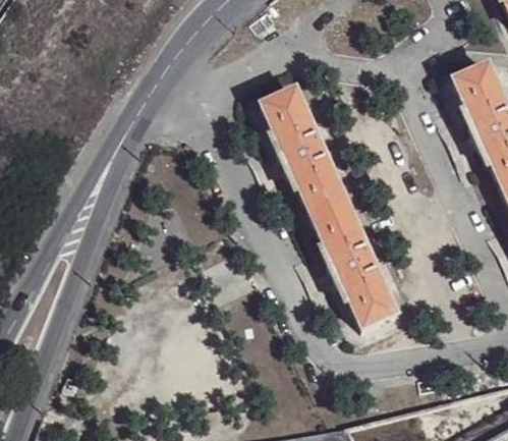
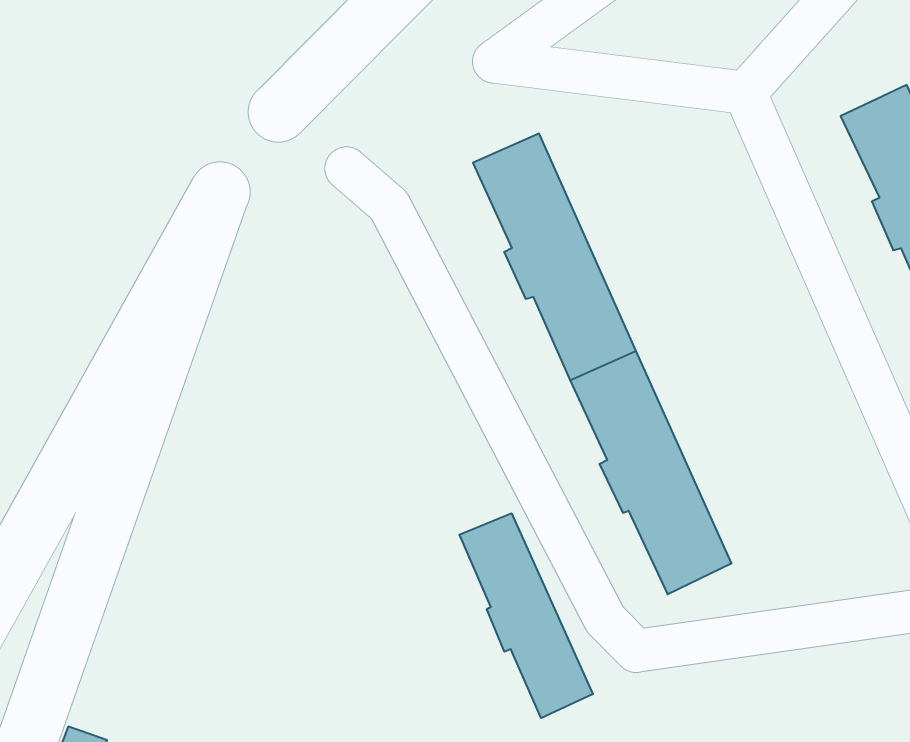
building: none -> [459,513,593,718]

